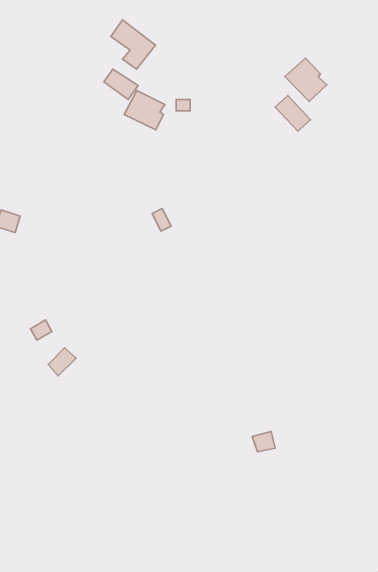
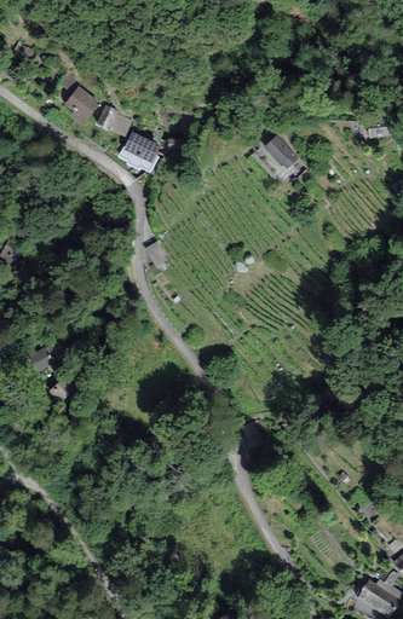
building: [111,20,155,69] -> [58,79,100,126]
building: [285,58,327,101] -> none

